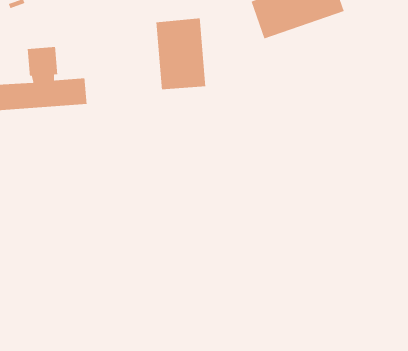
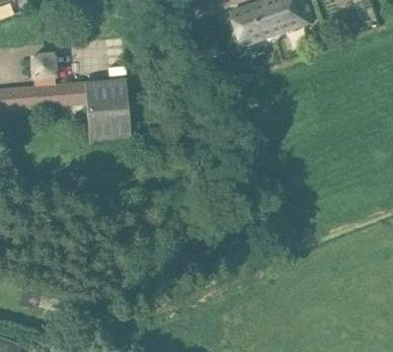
building: [156,17,206,90] -> [84,77,130,143]

